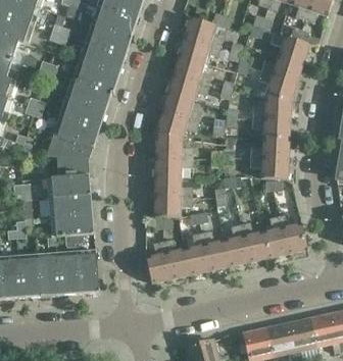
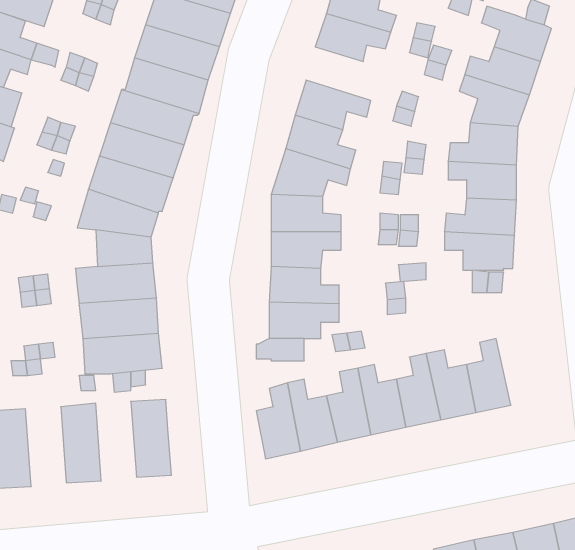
building: [174,54,212,84] -> none
building: [279,212,307,252] -> none
building: [57,250,80,294] -> none
building: [18,253,41,297] -> none

